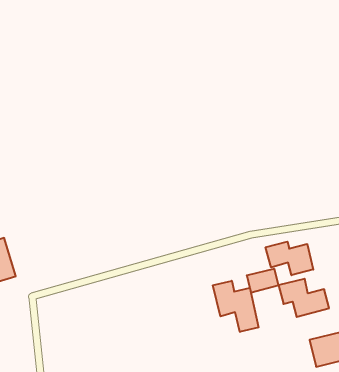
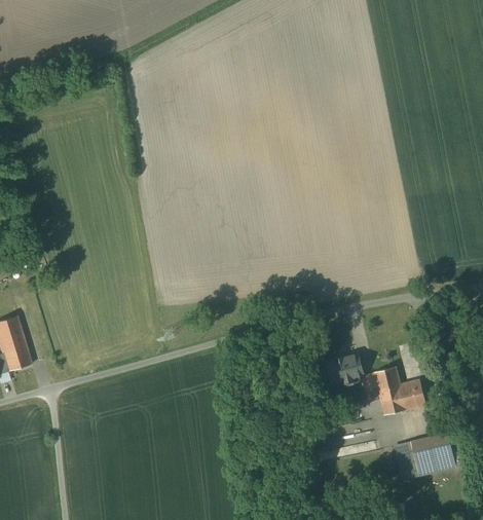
building: [266,242,313,275] -> none
building: [213,281,259,332] -> none

